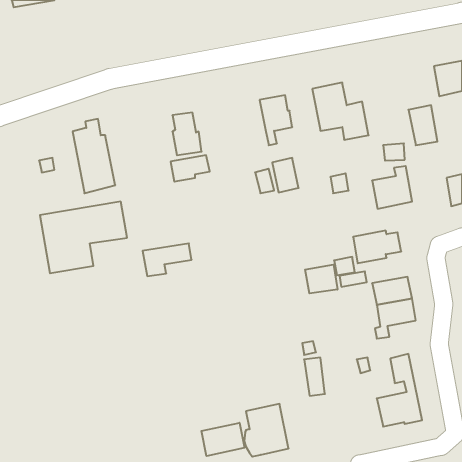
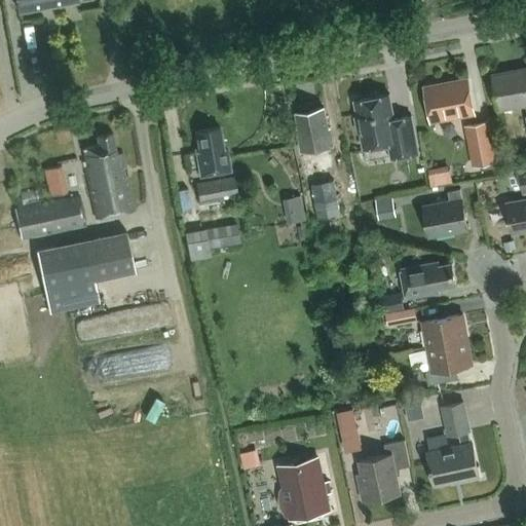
building: none -> [426,81,473,123]
building: none -> [12,196,83,241]
building: [143,243,192,276] -> [182,225,237,262]
building: [305,265,337,293] -> none
building: none -> [355,441,409,502]
building: [201,423,244,456] -> none

